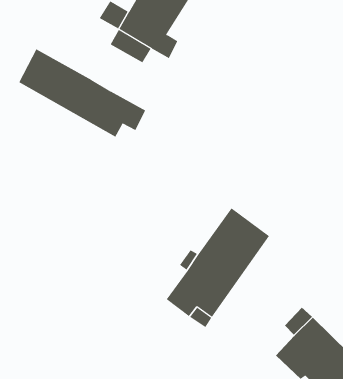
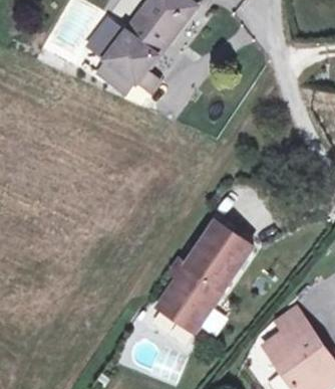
building: [18,49,146,137] -> none

